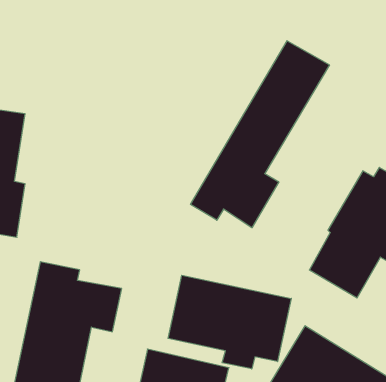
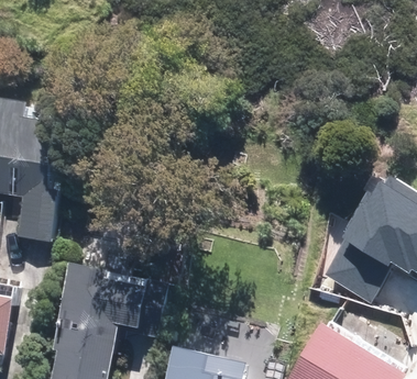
building: [191,41,329,228] -> none
building: [168,275,291,369] -> none

